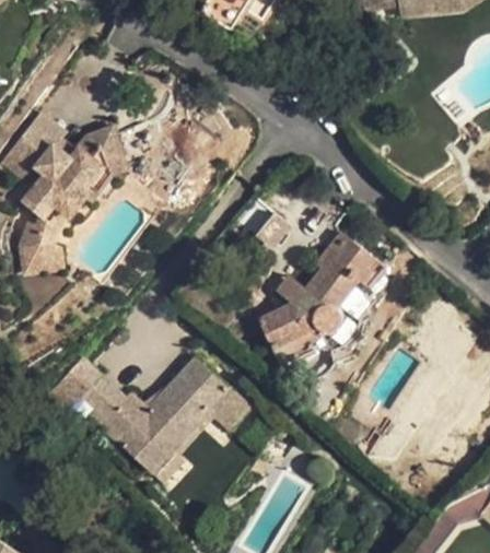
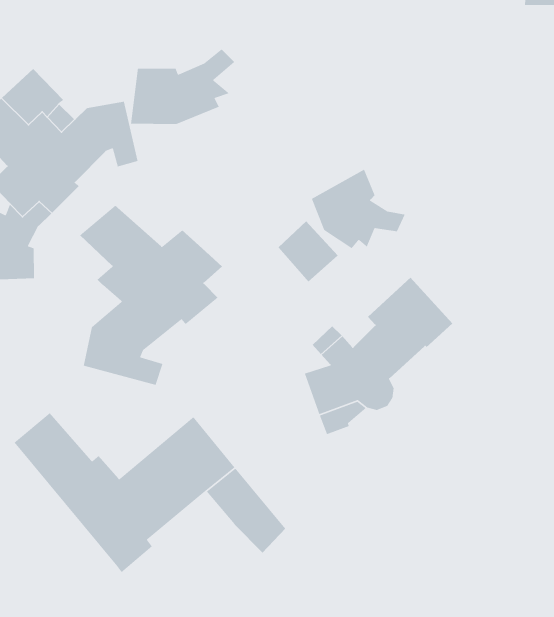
building: none -> [130,48,235,125]
building: none -> [311,169,406,249]
building: none -> [79,205,223,386]

